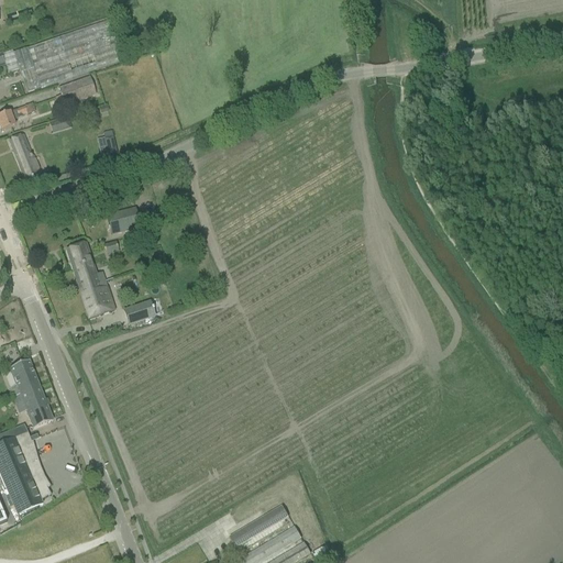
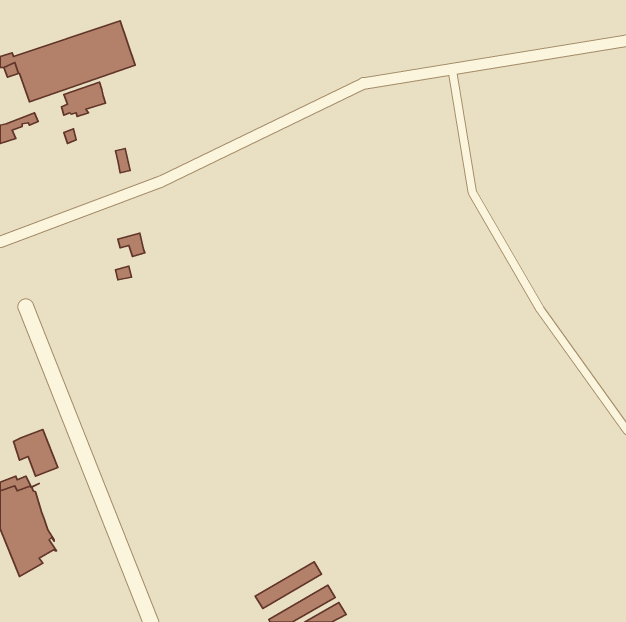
building: [9,132,43,183] -> none
building: [66,241,114,317] -> none
building: [124,300,155,323] -> none
building: [10,358,40,393] -> none

